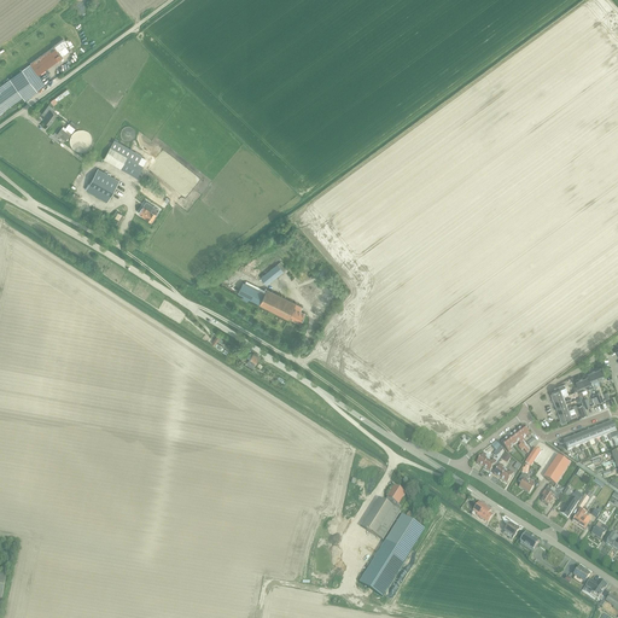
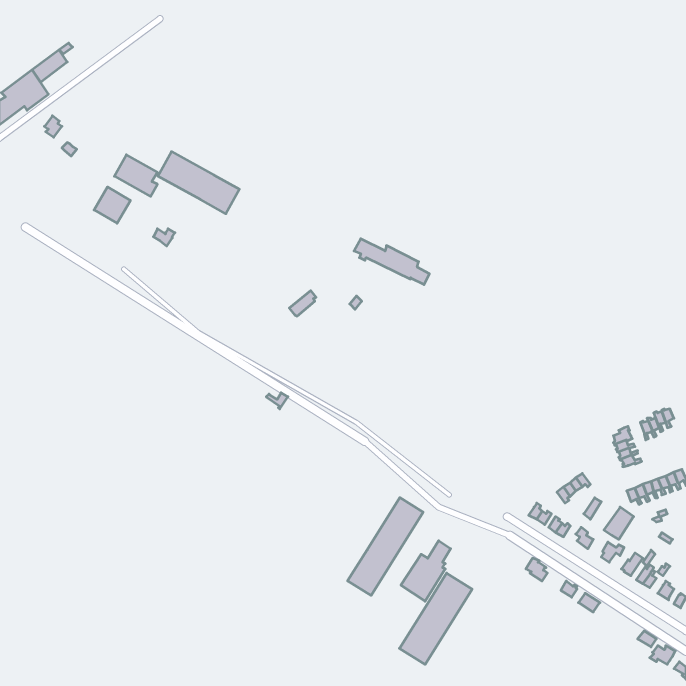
building: none -> [158,152,239,214]
building: [237,281,304,322] -> [354,239,429,285]
building: none -> [348,498,423,595]

